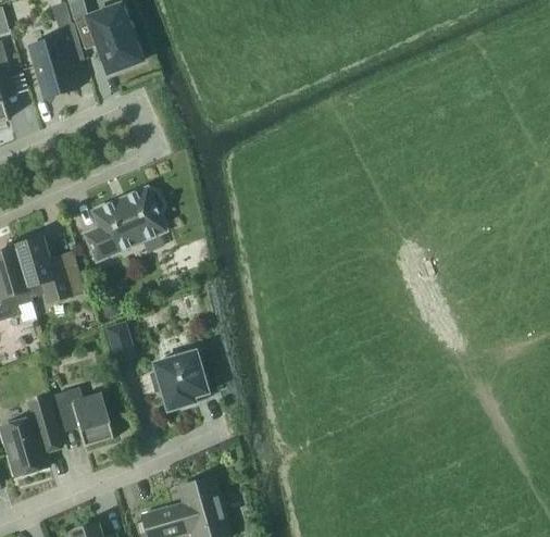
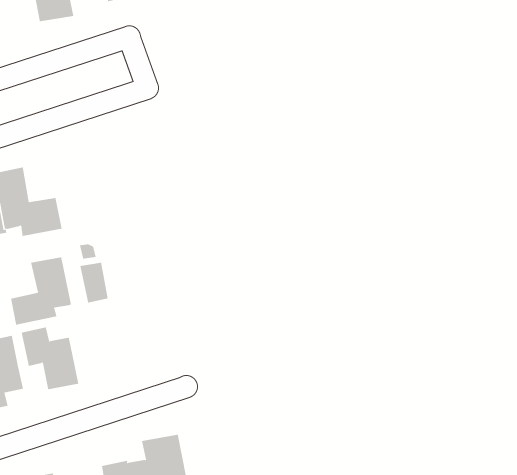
building: [84,187,164,260] -> none
building: none -> [10,256,71,326]
building: [150,350,207,410] -> none

